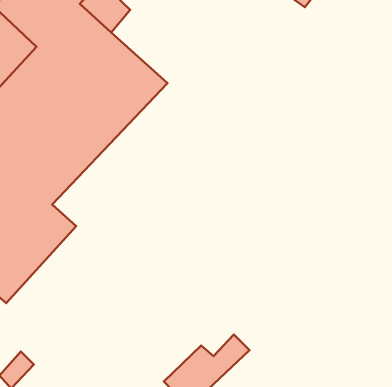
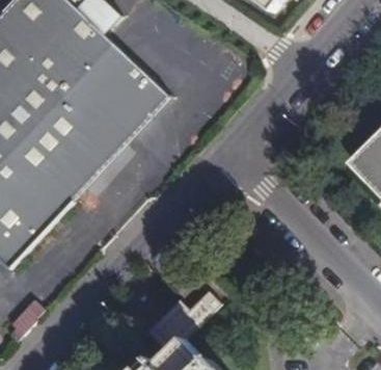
building: none -> [49,76,167,200]

